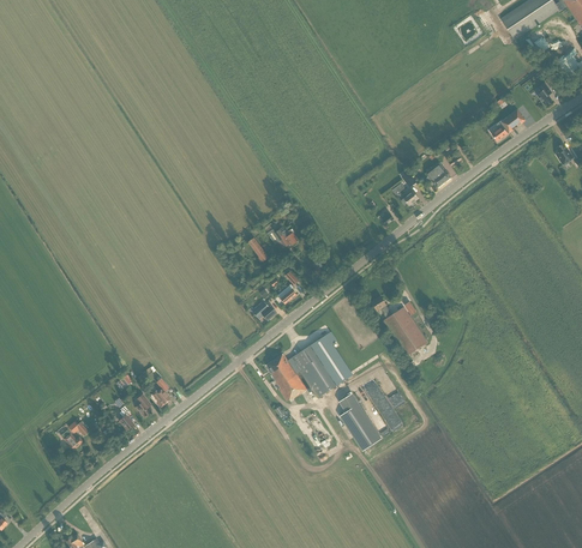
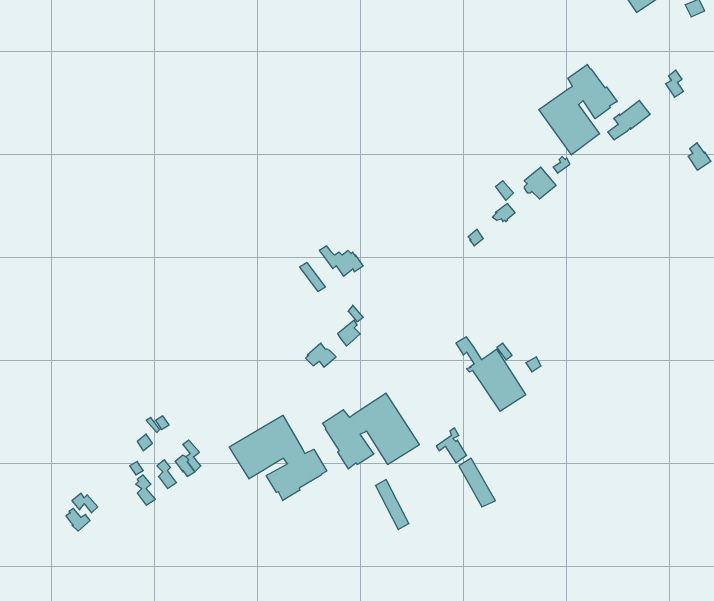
building: none -> [539,64,617,155]
building: none -> [229,415,327,501]
building: [341,393,382,450] -> none

